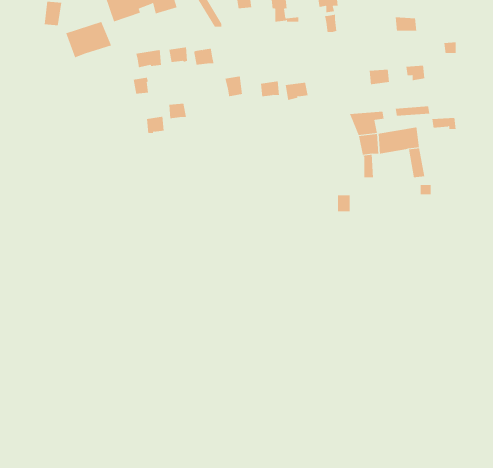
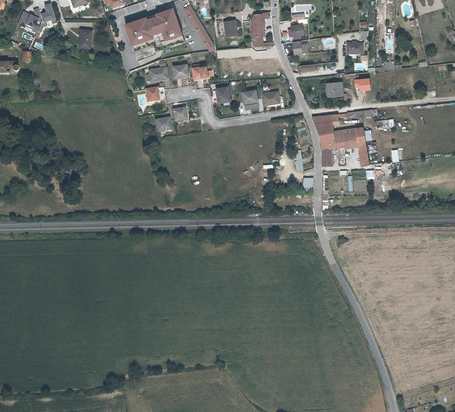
building: [66,21,112,58] -> none

